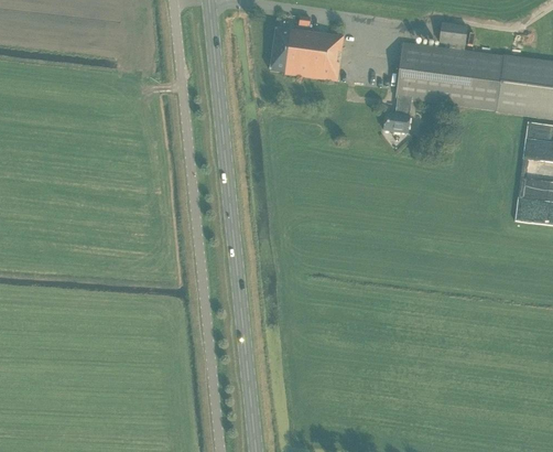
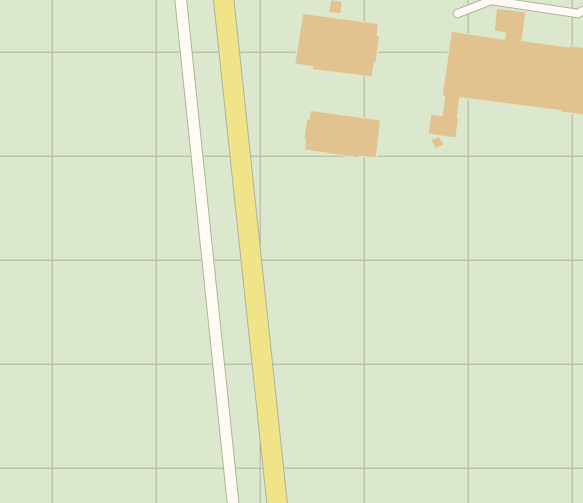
building: none -> [304,110,380,158]

